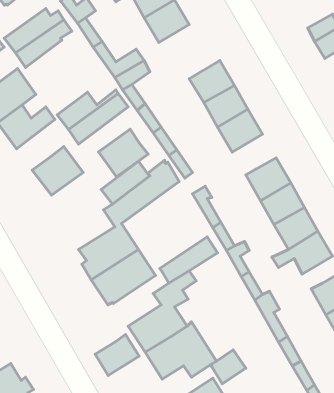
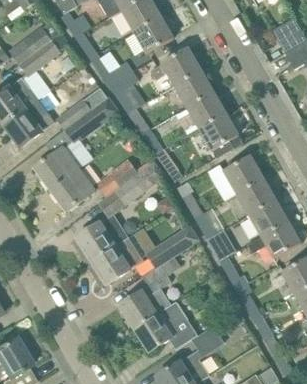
building: none -> [150,47,200,85]
building: [99,129,148,177] -> [51,168,95,210]
building: [95,335,139,376] -> none

